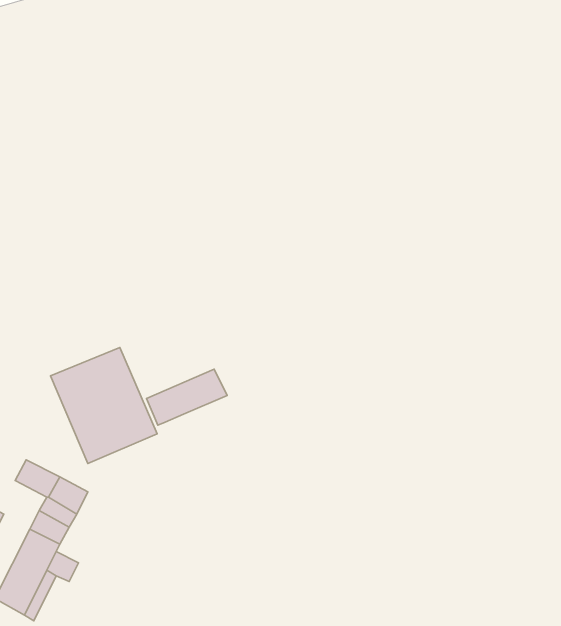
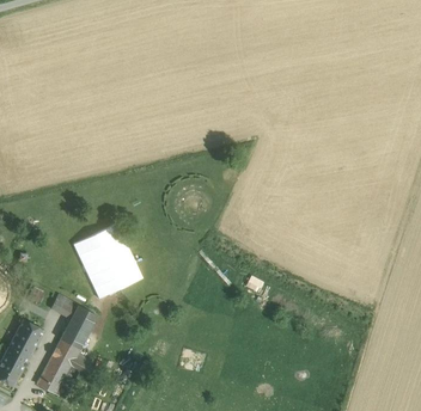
building: [147,369,227,425] -> none

